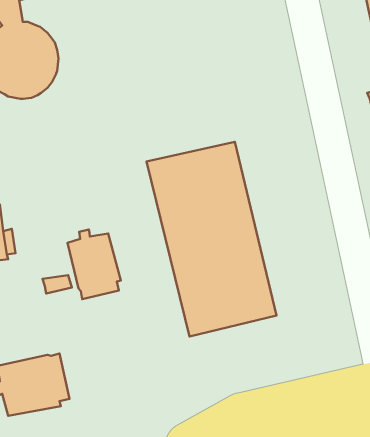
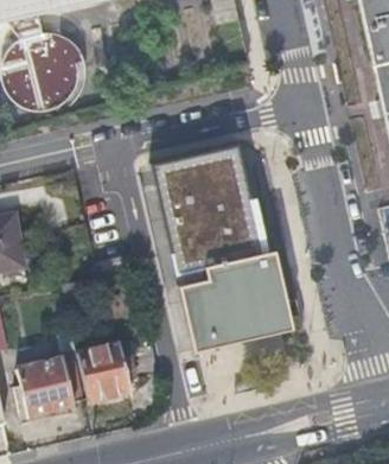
building: [68,229,121,299] -> none
building: none -> [75,348,128,405]

